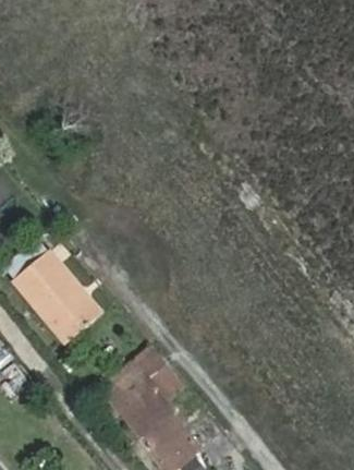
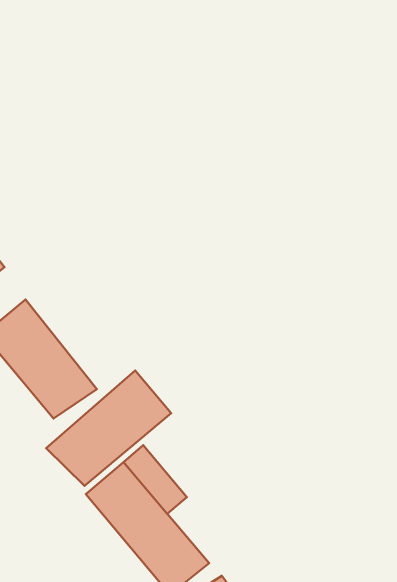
building: none -> [46,370,171,486]

